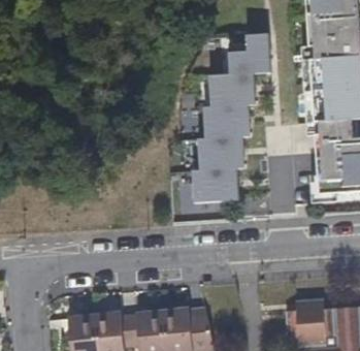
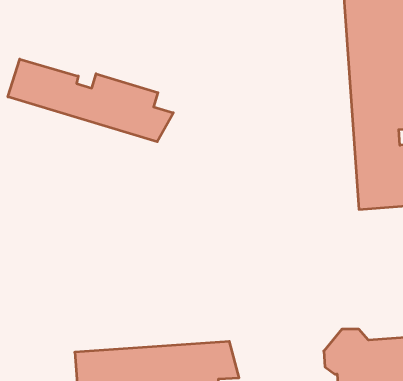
building: [188,34,273,205] -> none
building: none -> [8,59,173,142]

